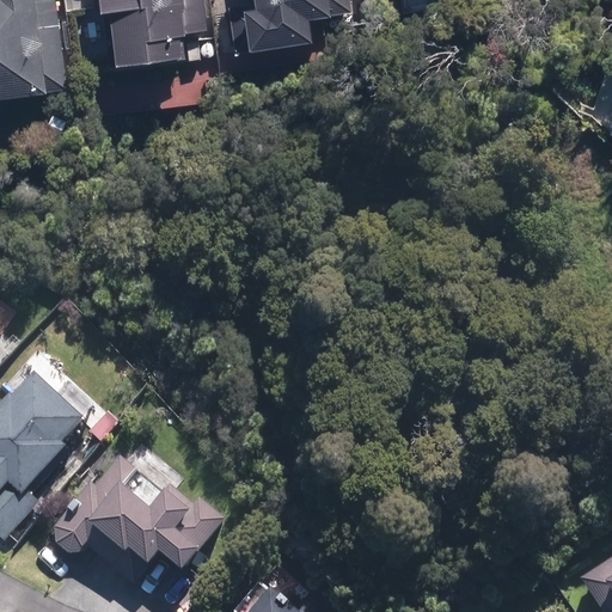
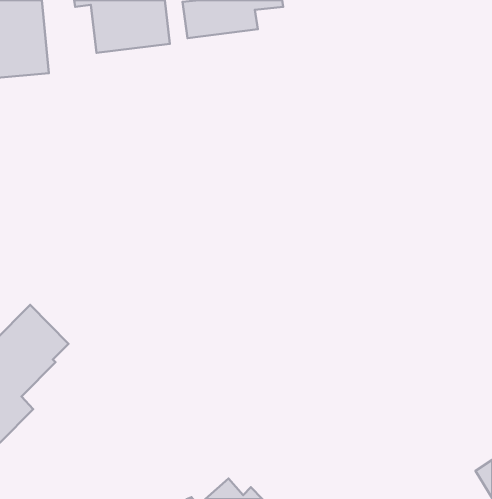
building: [44,441,228,575] -> none

